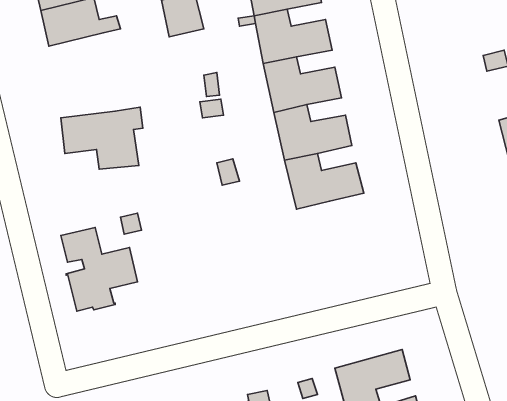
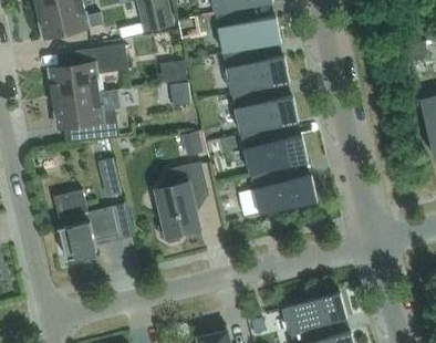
building: none -> [49,45,127,98]
building: none -> [155,162,208,243]
building: none -> [250,168,315,215]

